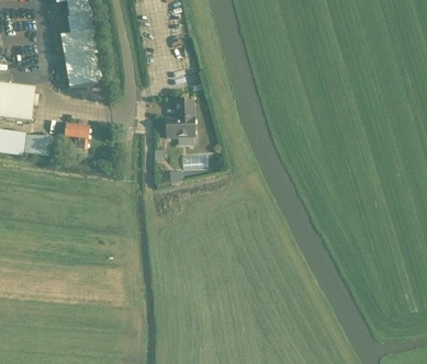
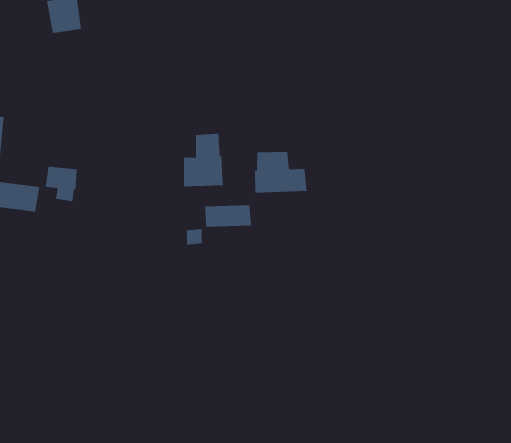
building: [59,30,101,87] -> none
building: none -> [255,151,307,194]

